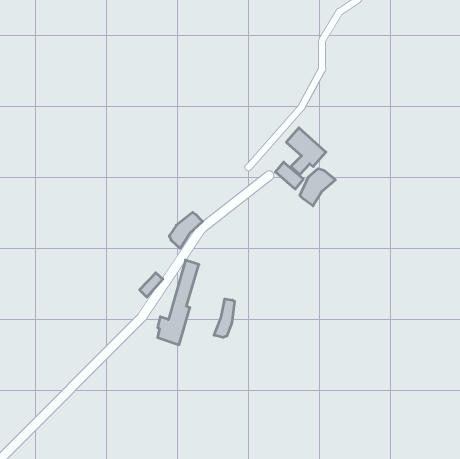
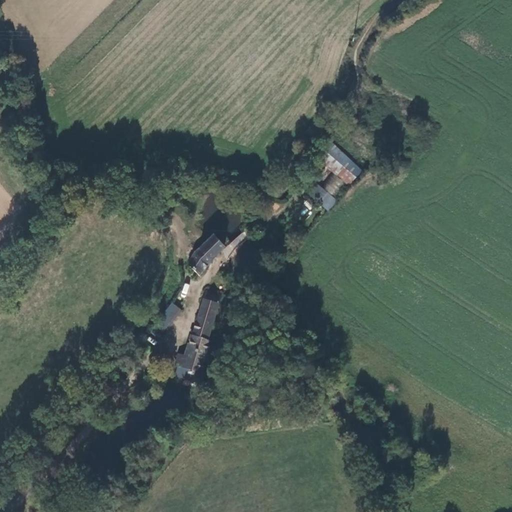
building: [300,169,335,206] -> none
building: [214,299,235,337] -> none

